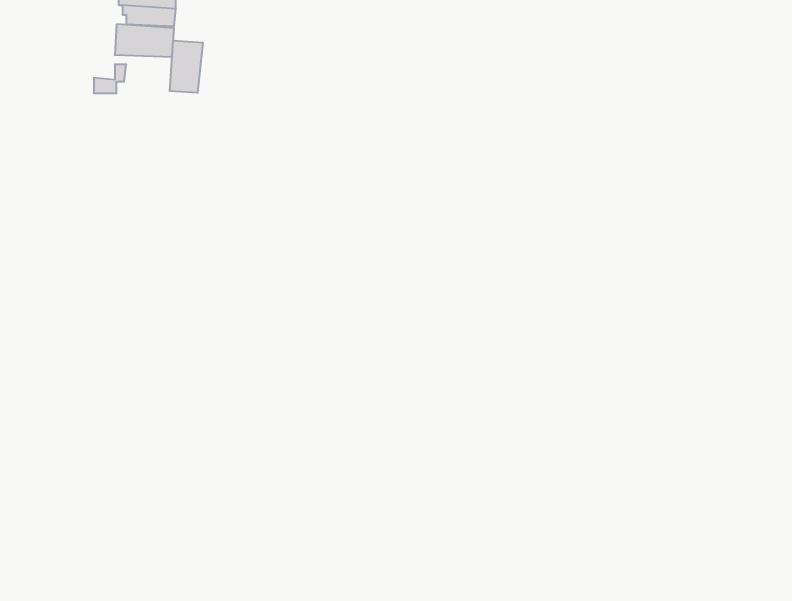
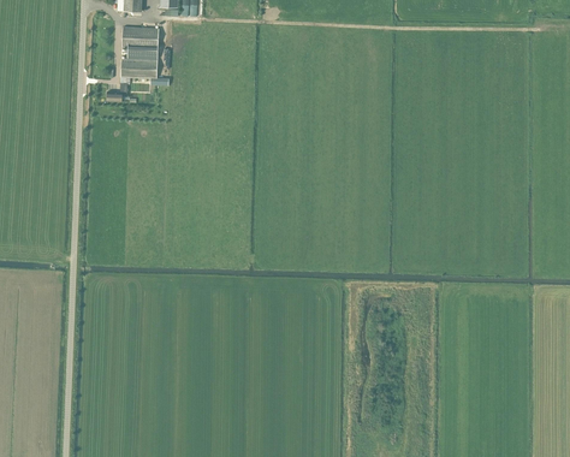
building: [170,40,203,93] -> none

